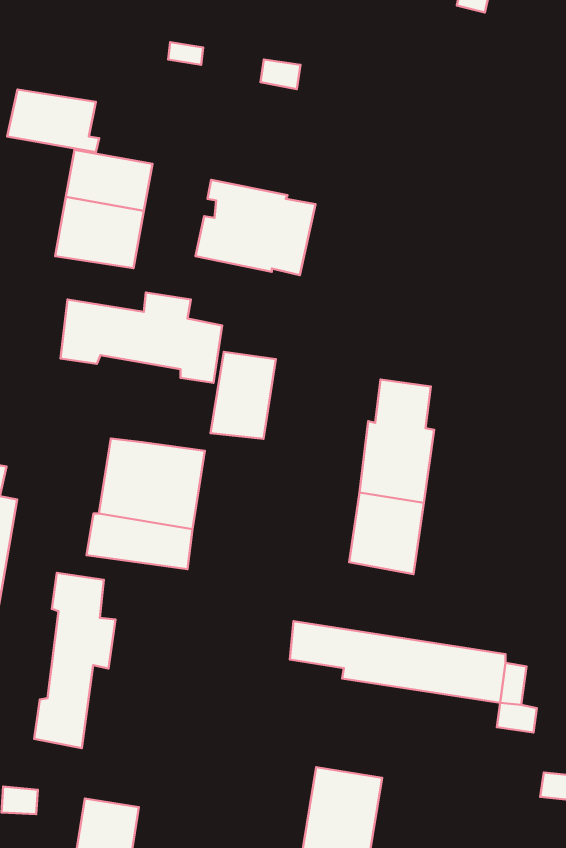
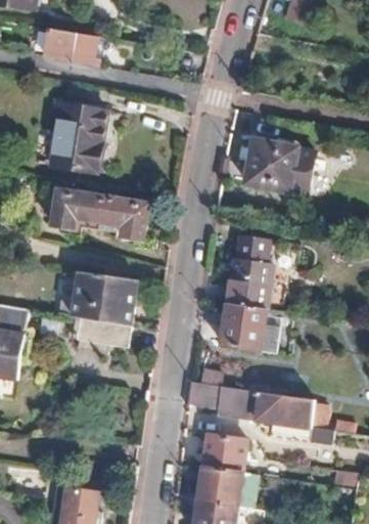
building: [7,90,99,152] -> [44,29,98,66]
building: [195,180,315,275] -> [244,138,315,194]
building: [211,352,276,439] -> none
building: [34,573,116,748] -> none
building: none -> [202,435,246,472]

